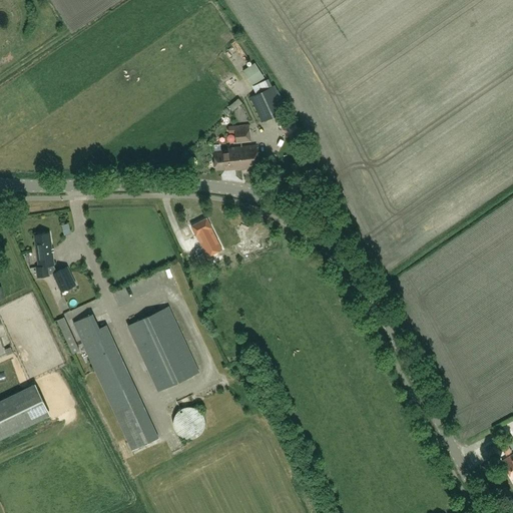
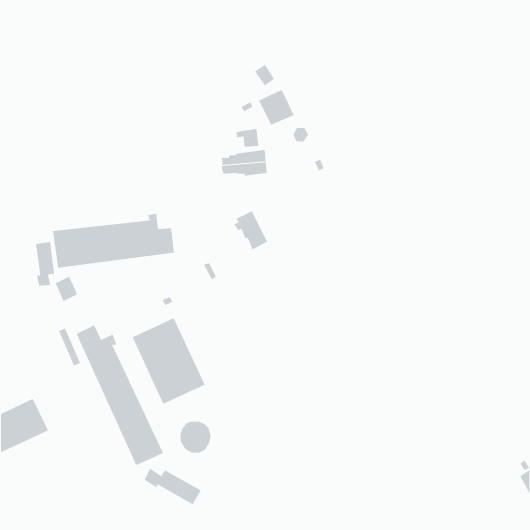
building: none -> [53,213,174,268]
building: [188,217,221,255] -> [234,211,268,250]
building: none -> [144,468,201,505]

